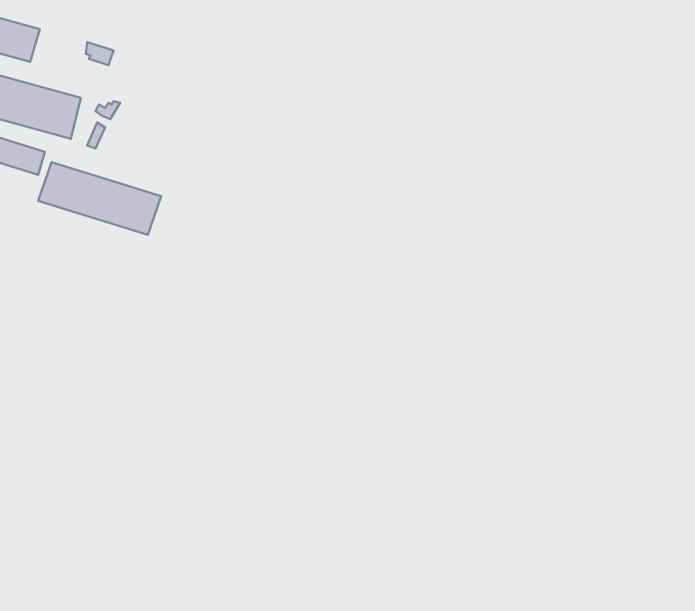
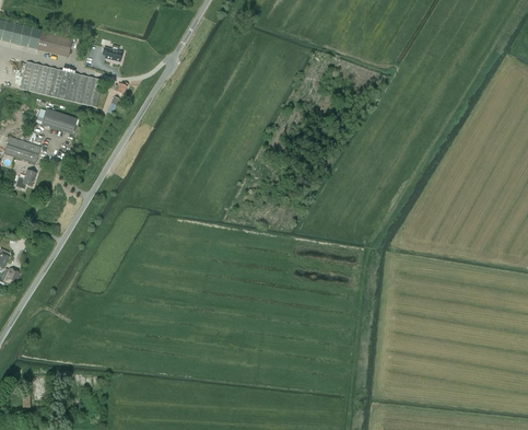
building: [38,162,161,235] -> none

